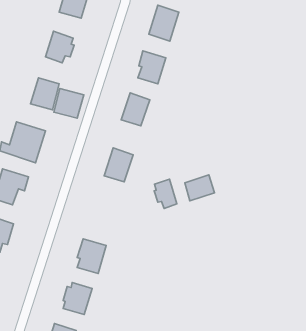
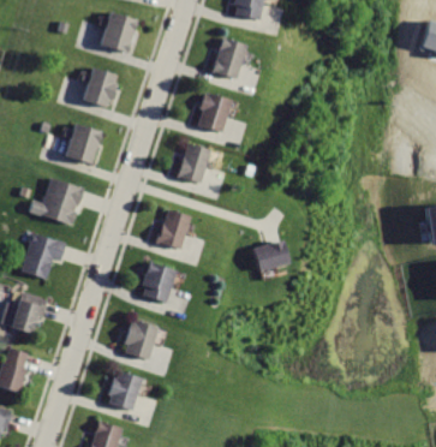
building: [54,88,84,118] -> none
building: [154,179,177,208] -> none
building: none -> [141,262,177,303]

